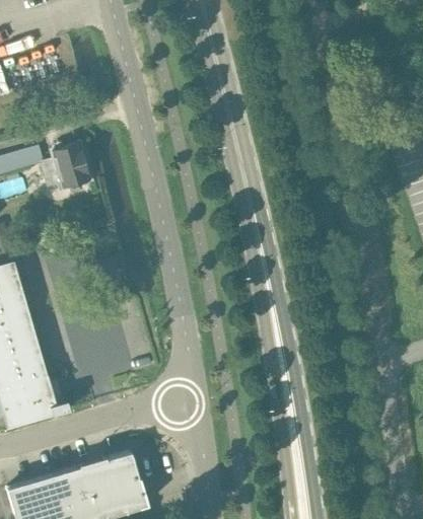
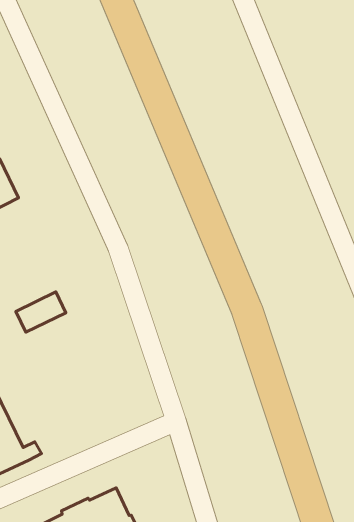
building: none -> [16,292,66,332]

